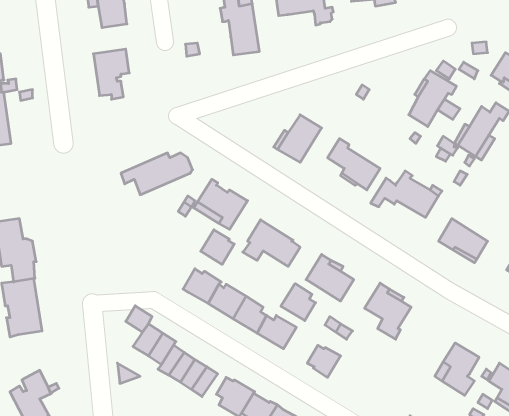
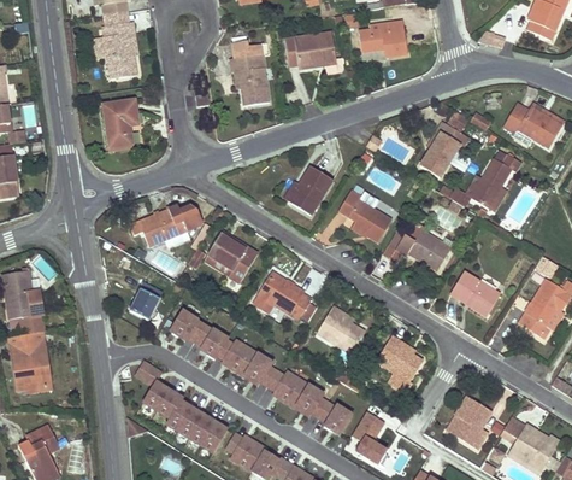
building: none -> [130,282,163,320]
building: [201,230,234,264] -> [171,308,205,343]
building: [281,284,316,321] -> [294,380,329,417]
building: none -> [353,412,389,464]

